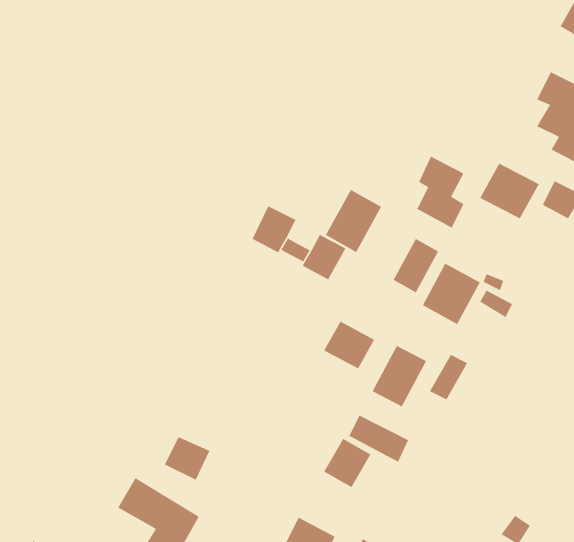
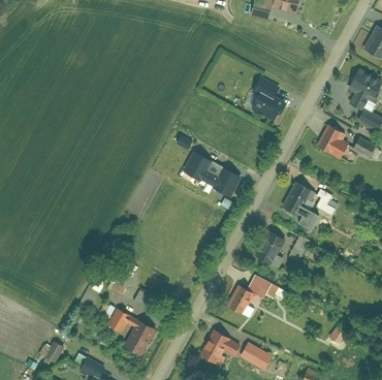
building: [416,155,465,229] -> [251,76,279,119]
building: [325,189,382,253] -> none
building: [392,238,439,294] -> none
building: [323,321,375,370] -> none

